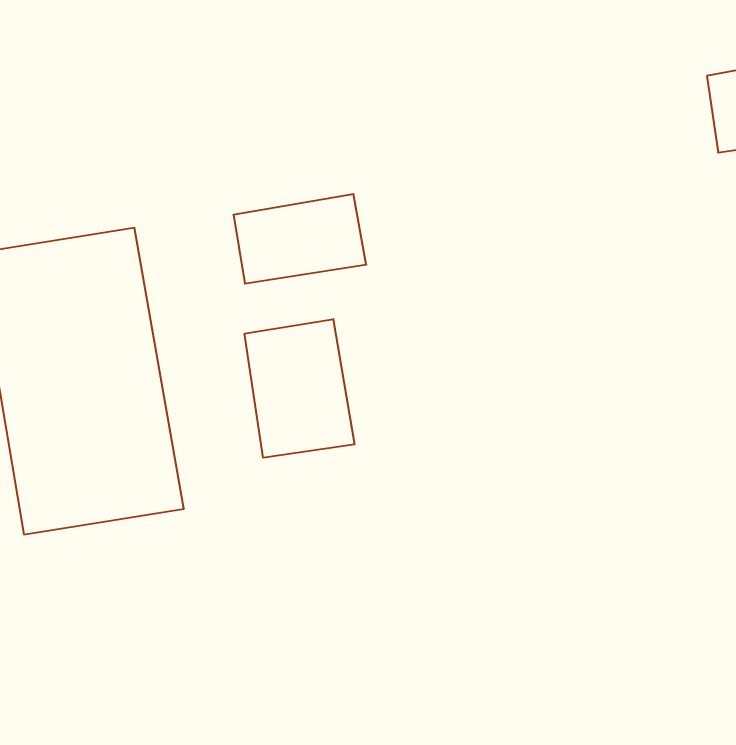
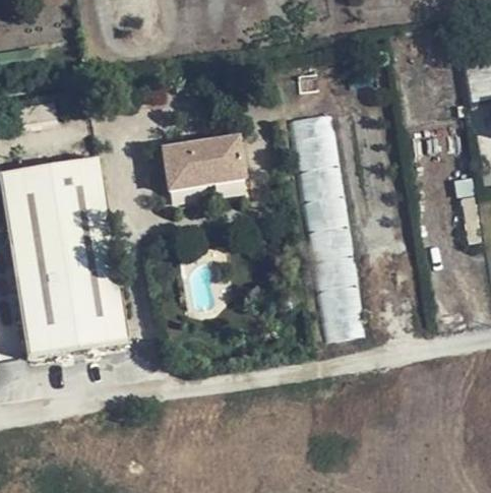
building: none -> [291,112,366,337]
building: [245,319,354,458] -> none

